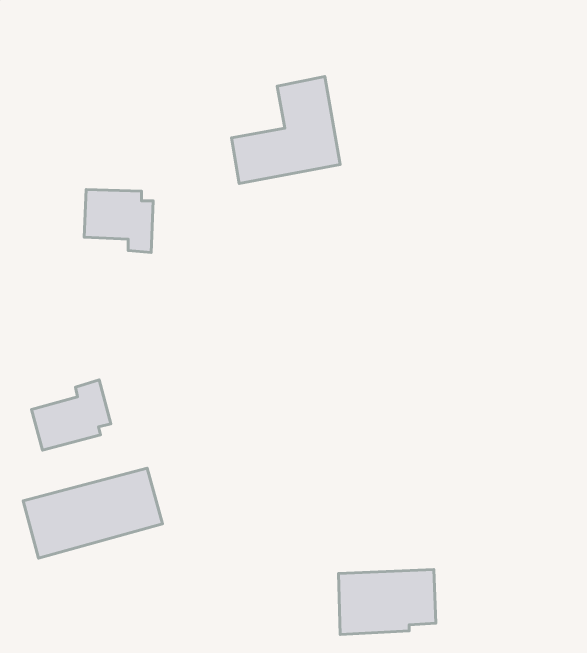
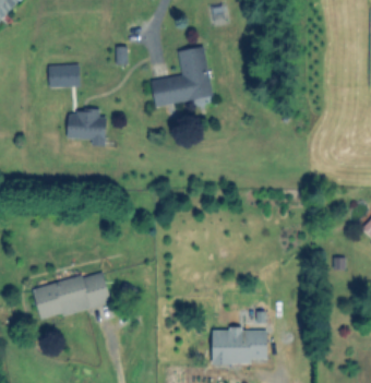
building: none -> [48,65,81,88]
building: [31,380,111,450] -> none

